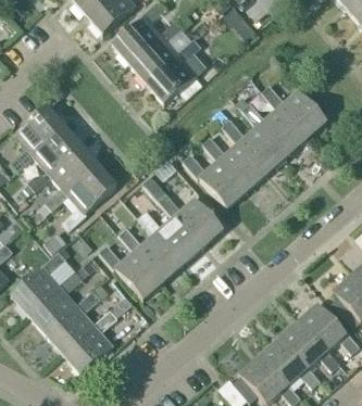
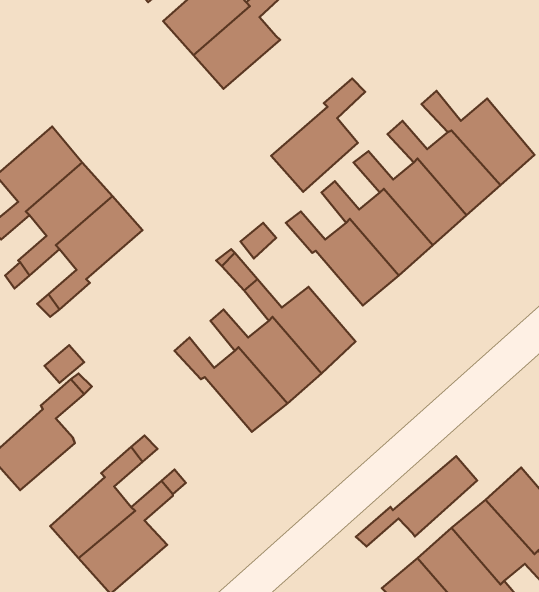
building: [146,39,200,104] -> [271,79,365,192]
building: [61,165,116,230] -> none
building: [98,244,162,300] -> none
building: [28,270,83,335] -> none
building: none -> [356,456,477,546]

